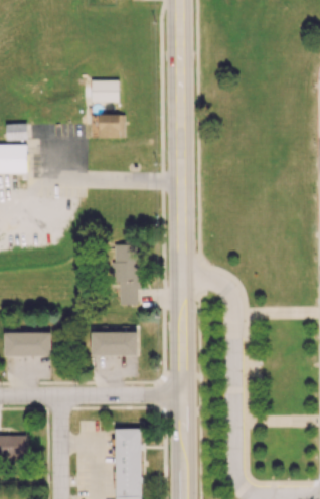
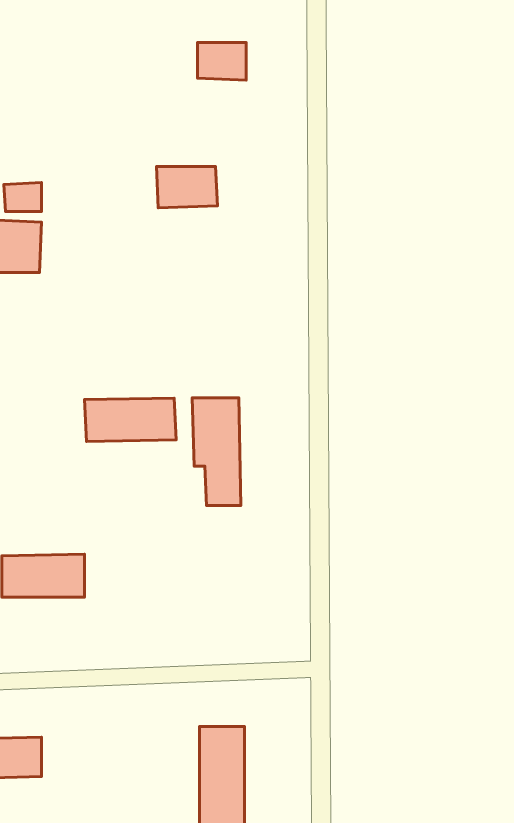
building: [92,80,119,102] -> [198,42,246,80]
building: none -> [85,398,176,441]
building: [91,332,138,356] -> none

